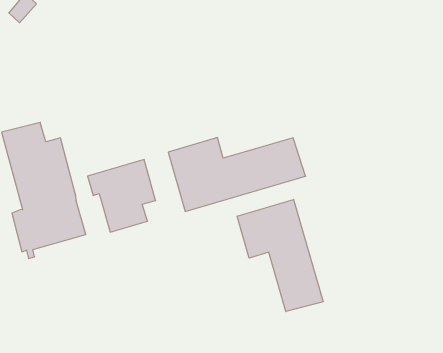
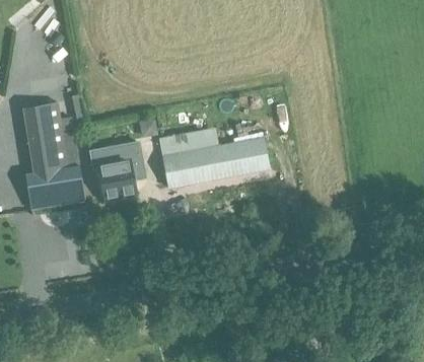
building: [237,199,323,312] -> none

